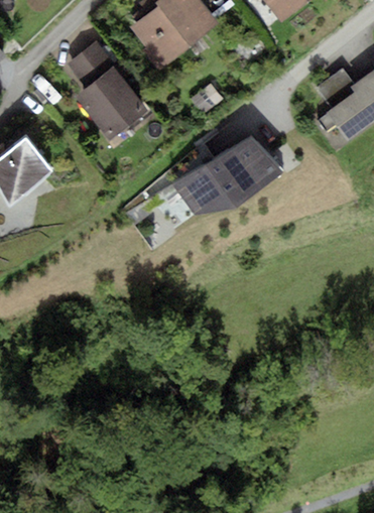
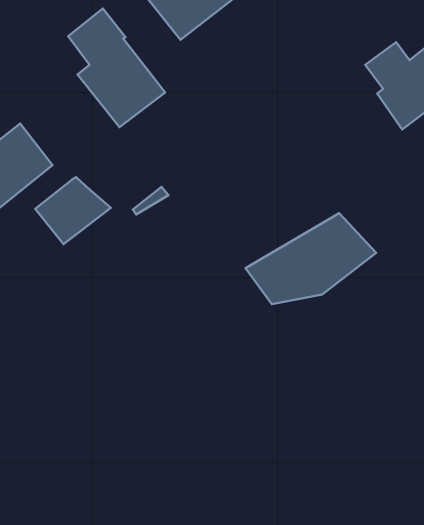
building: [172,136,282,213] -> [246,213,376,304]
building: none -> [35,177,111,244]

